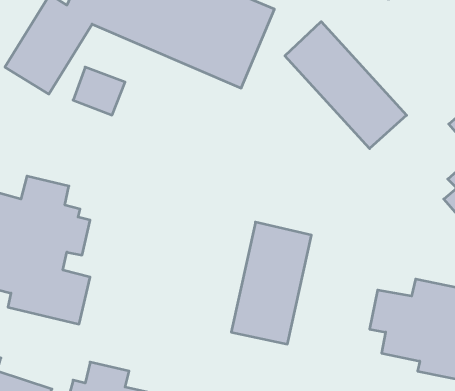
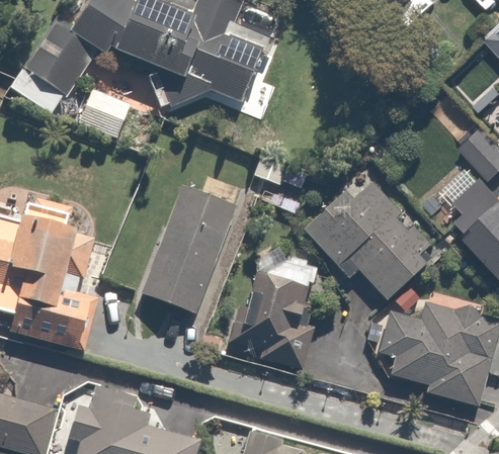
building: [285,22,407,149] -> none
building: none -> [298,179,442,305]
building: none -> [138,185,238,316]

